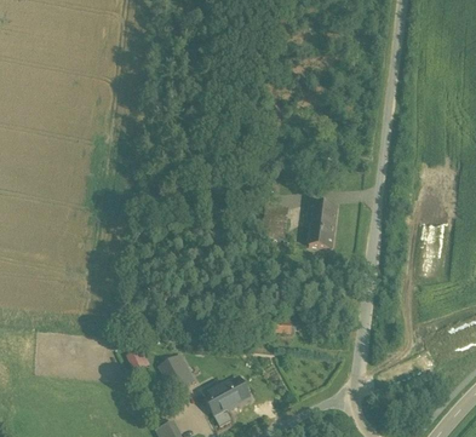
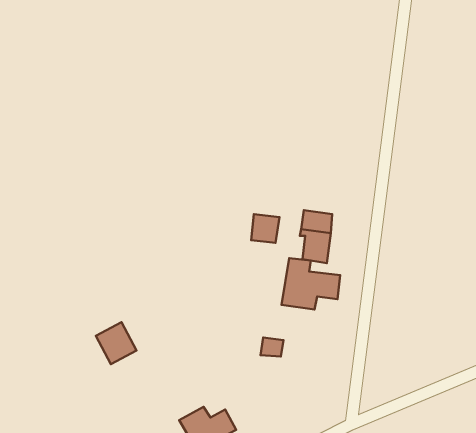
building: none -> [281,258,340,309]
building: [161,355,197,392] -> [96,322,137,364]

